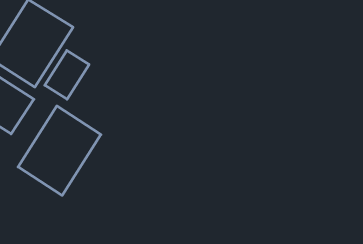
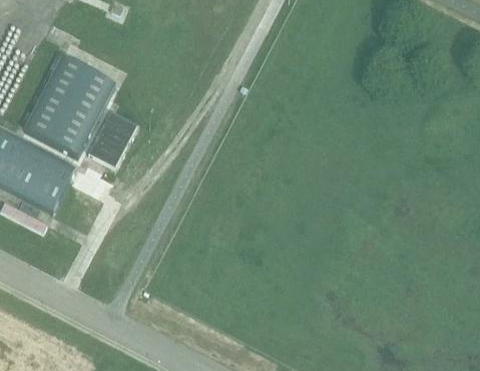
building: [18,106,101,195] -> none

